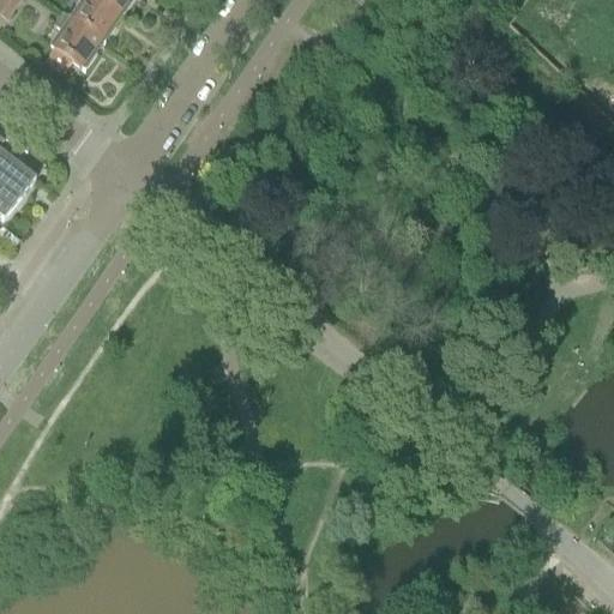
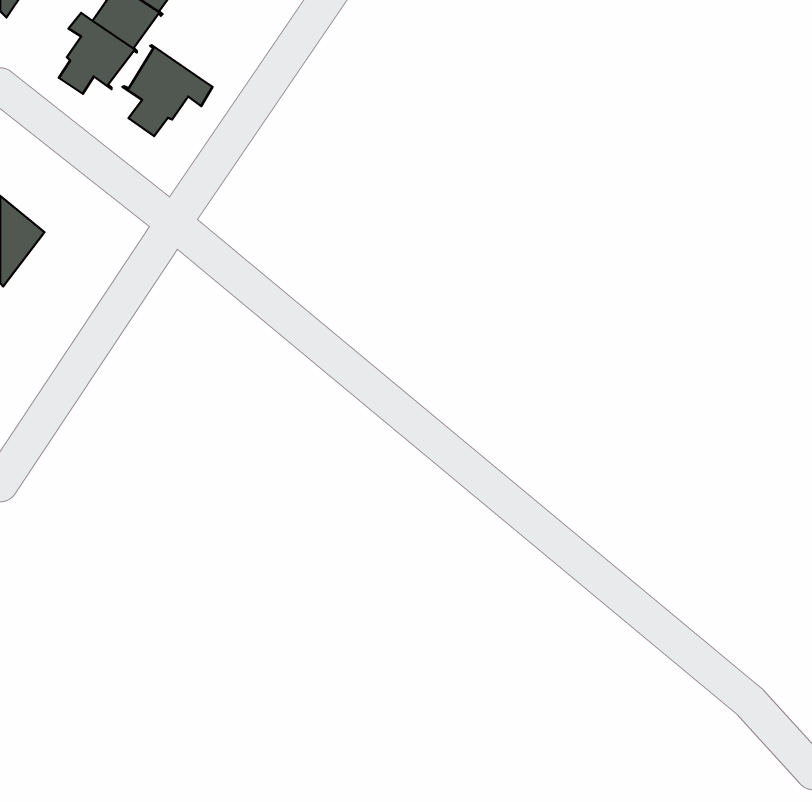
building: none -> [123,45,213,136]

